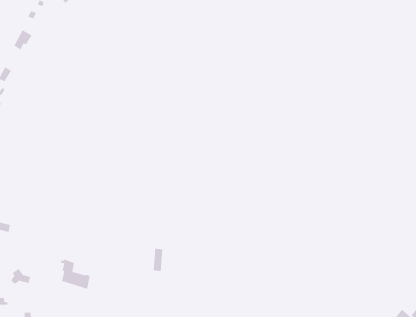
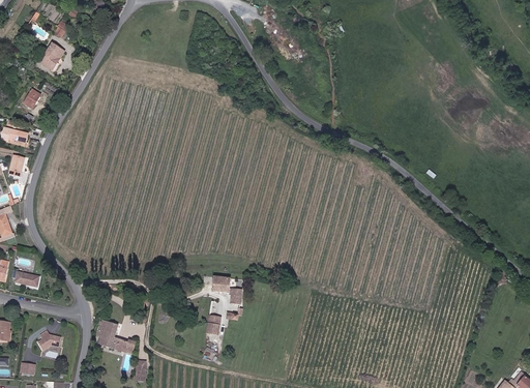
building: none -> [216,277,241,304]

